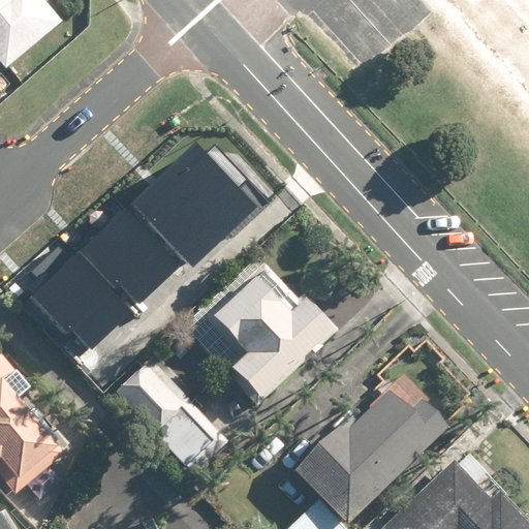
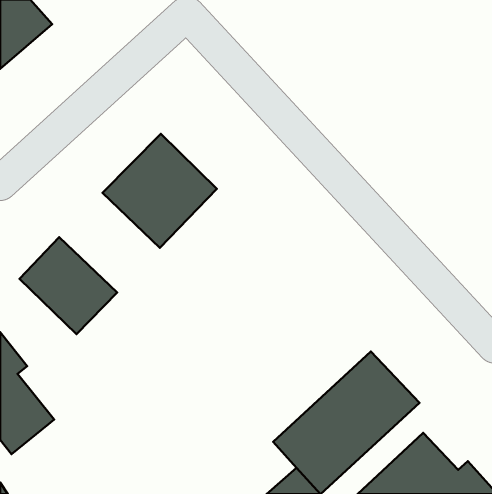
building: [66,206,174,312] -> none
building: [181,258,334,411] -> none
building: [126,373,229,477] -> none

